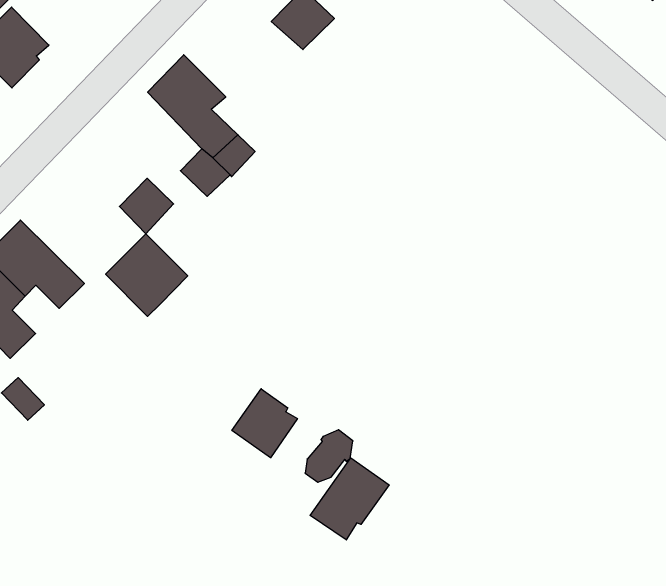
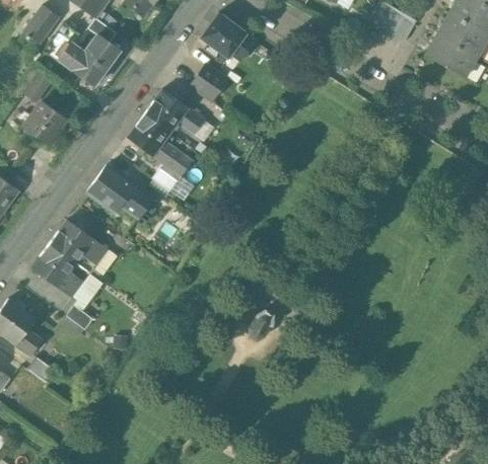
building: none -> [144,87,206,136]
building: [106,234,188,316] -> [87,165,134,212]
building: [232,389,297,458] -> none
building: [310,458,389,540] -> none

